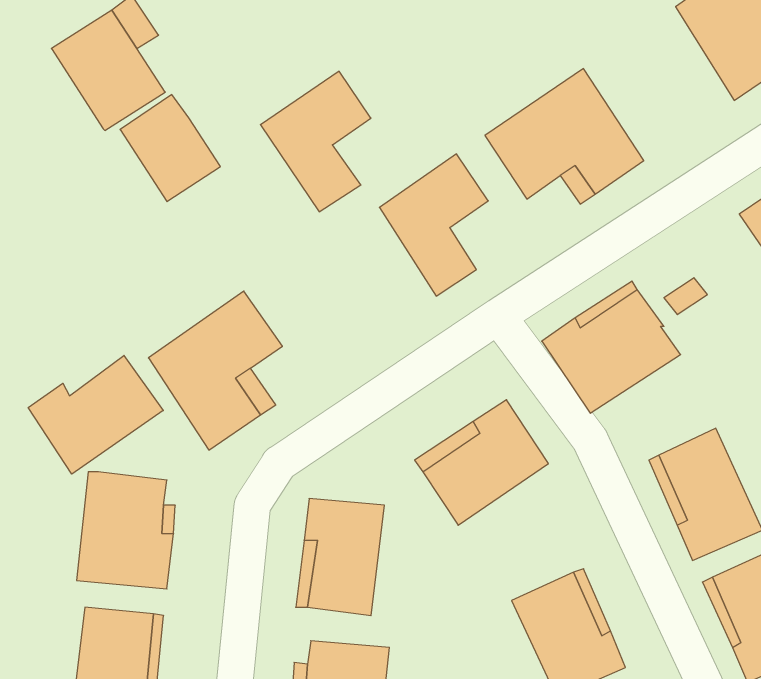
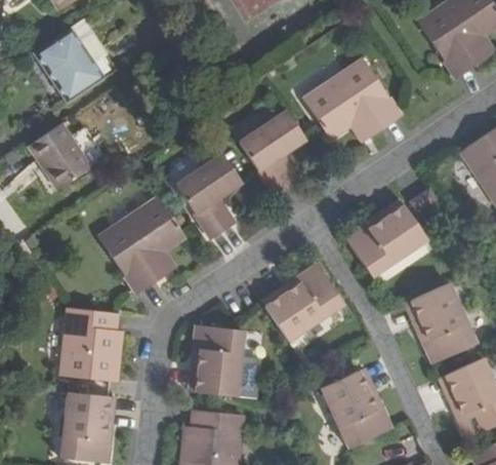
building: [260,71,371,212] -> [176,156,244,242]
building: [120,95,220,202] -> [36,119,97,185]
building: [28,355,163,474] -> none

